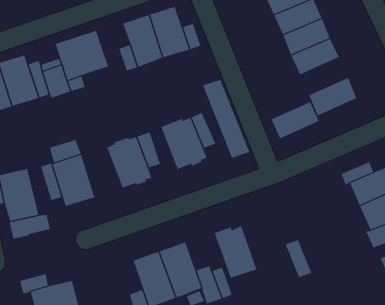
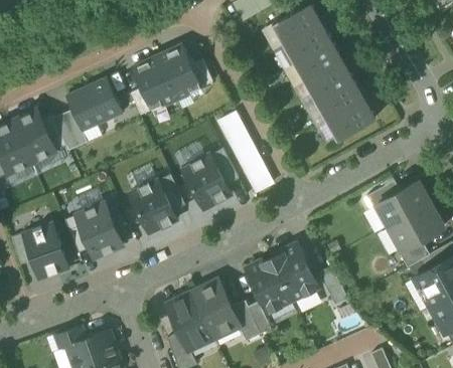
building: [271,101,320,139] -> [314,79,363,121]
building: none -> [272,243,317,301]
building: [9,214,51,240] -> none

